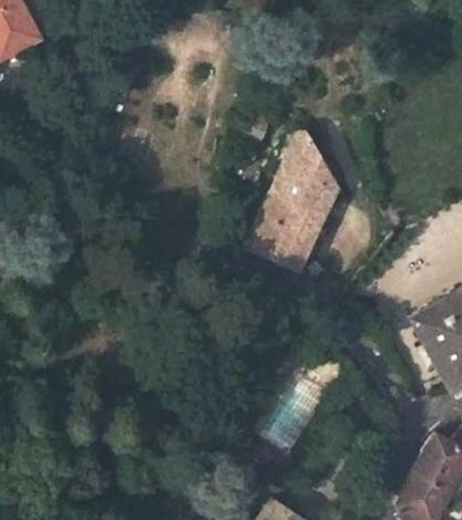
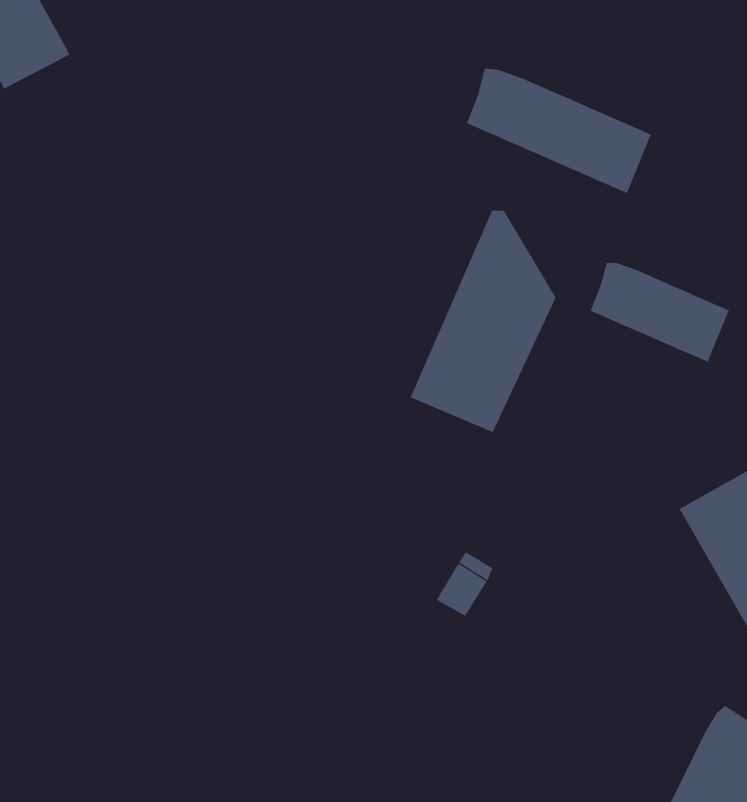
building: none -> [466,68,651,194]
building: none -> [590,262,729,362]

